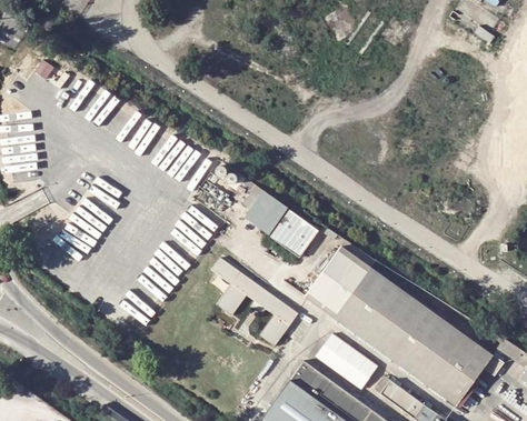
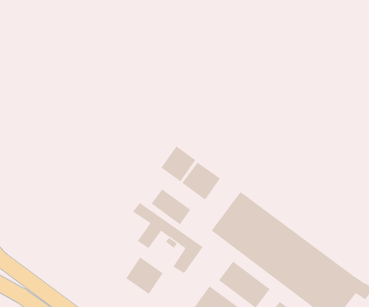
building: none -> [151,188,191,225]
building: none -> [125,257,164,295]

